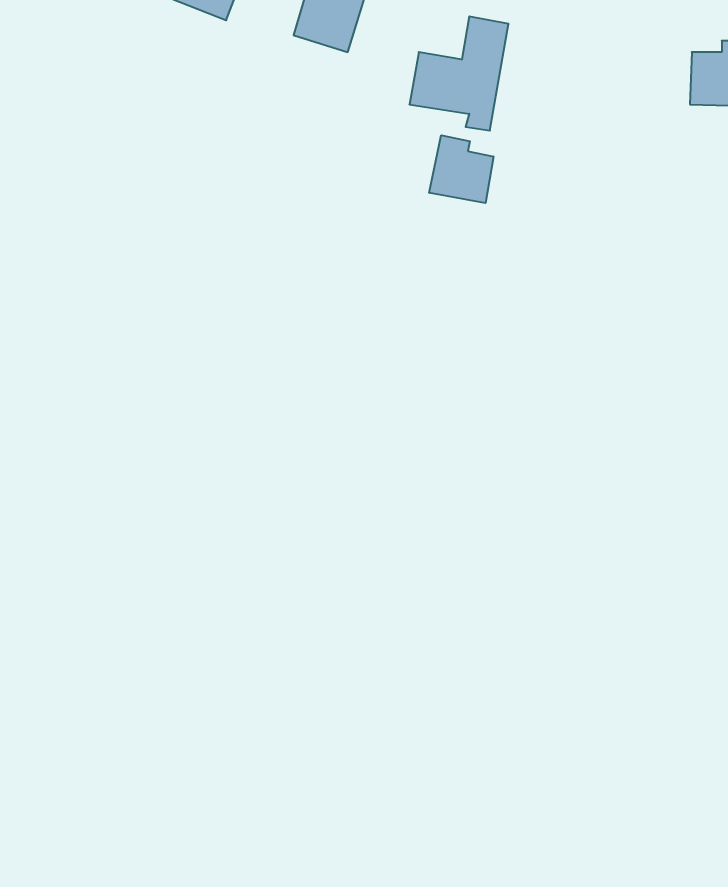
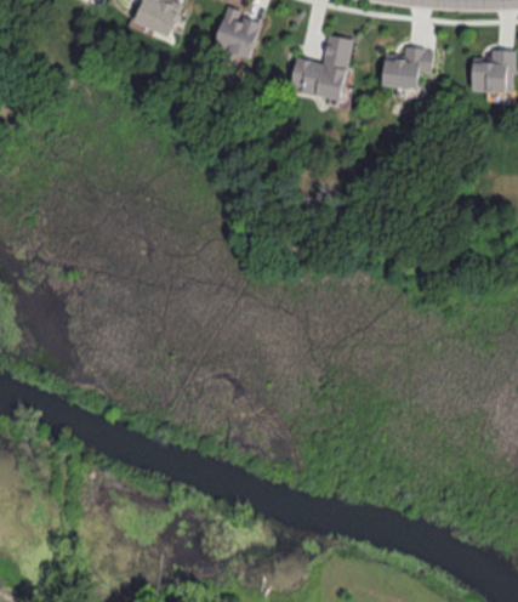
building: none -> [382,47,433,87]
building: [429,135,493,203] -> none

